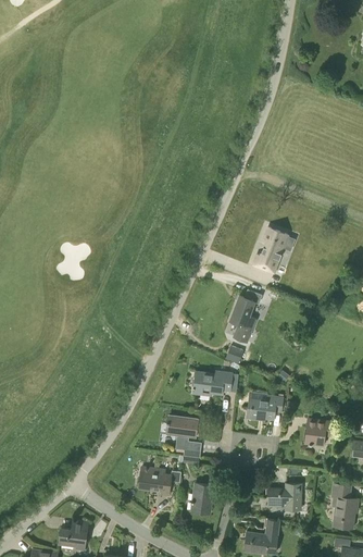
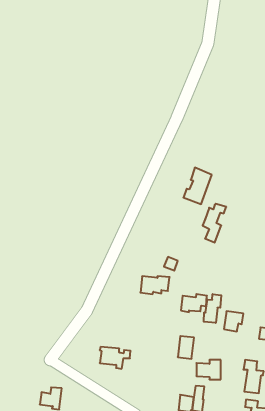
building: [230,290,262,343] -> [203,204,226,243]
building: none -> [204,294,221,323]
building: [167,416,201,458] -> none
building: [191,483,213,513] -> [178,336,194,359]

